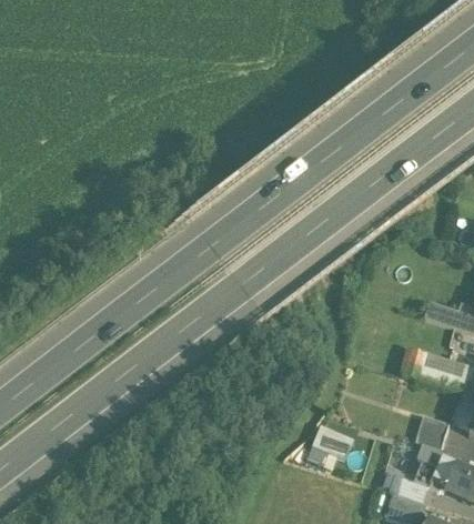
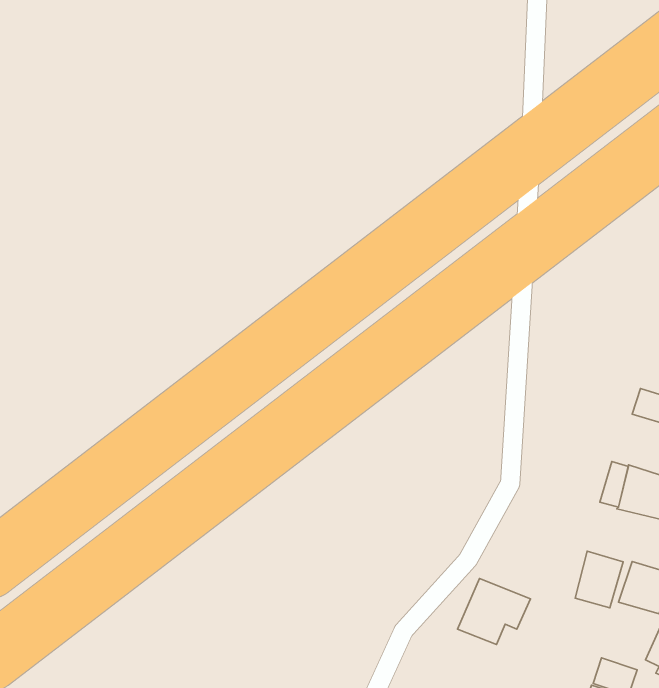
building: none -> [575,551,623,608]

